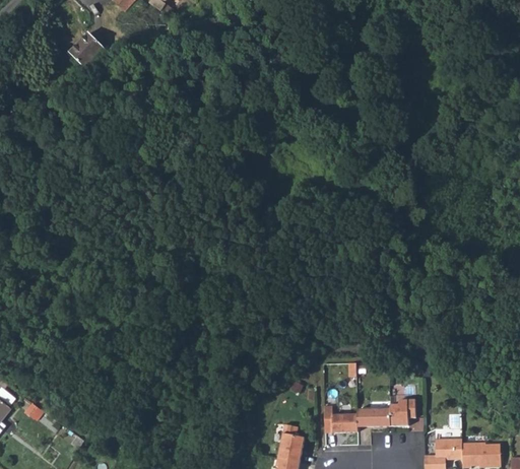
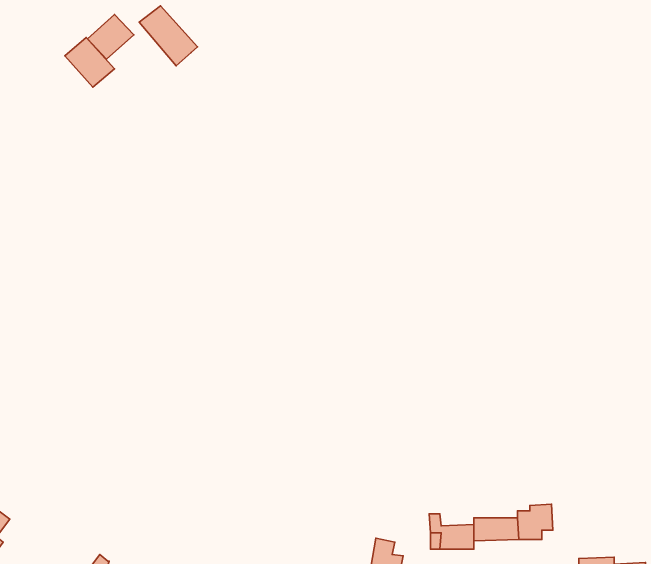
building: none -> [139,6,197,66]
building: none -> [65,37,114,87]

